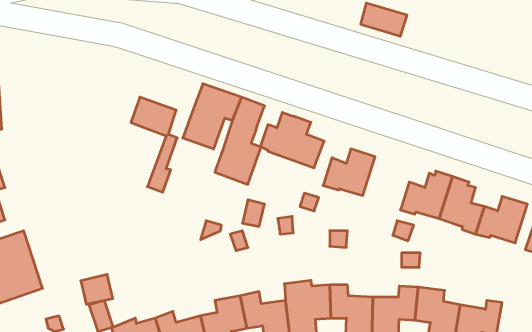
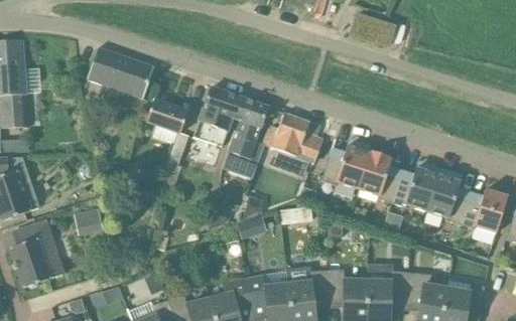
building: none -> [88,47,153,98]
building: none -> [358,151,400,201]
building: [81,274,113,304] -> [75,207,104,234]

